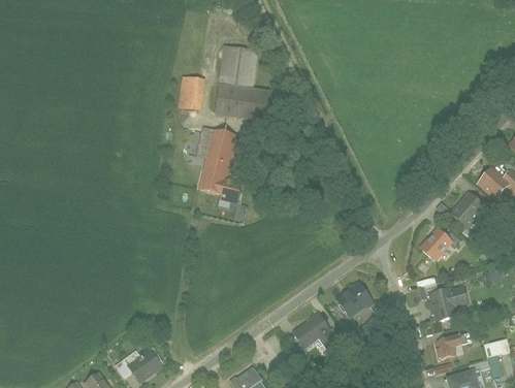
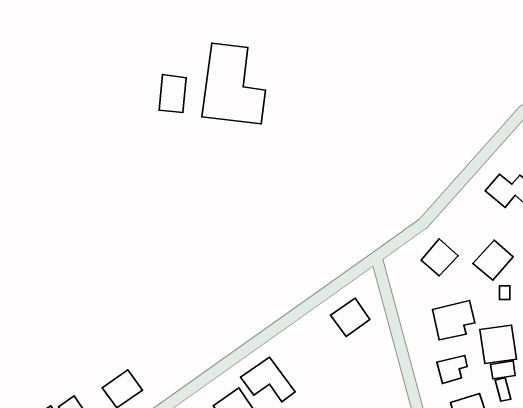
building: [197,128,244,201] -> none
building: [449,192,486,229] -> [473,240,513,280]
building: none -> [480,325,517,363]
building: [291,313,342,354] -> [240,357,295,402]

